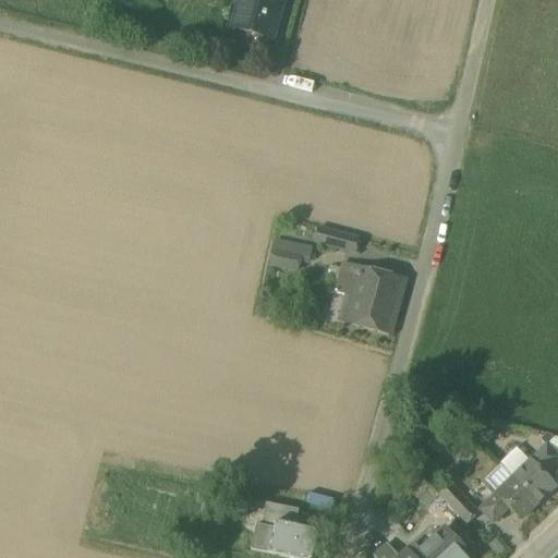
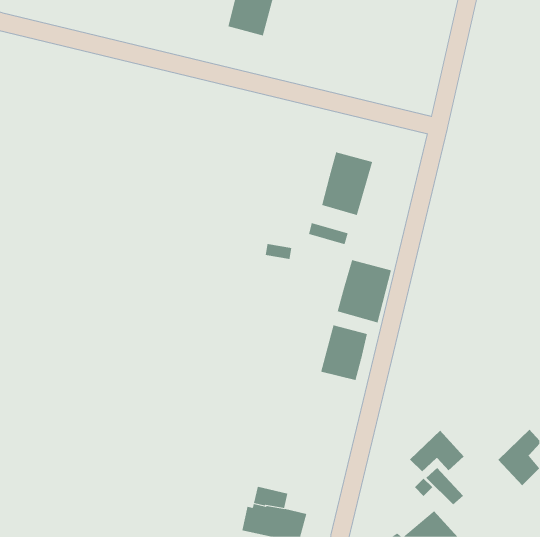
building: none -> [322,152,373,216]
building: [336,262,362,296] -> none
building: none -> [321,324,367,381]
building: [481,473,537,517] -> [409,430,464,472]

